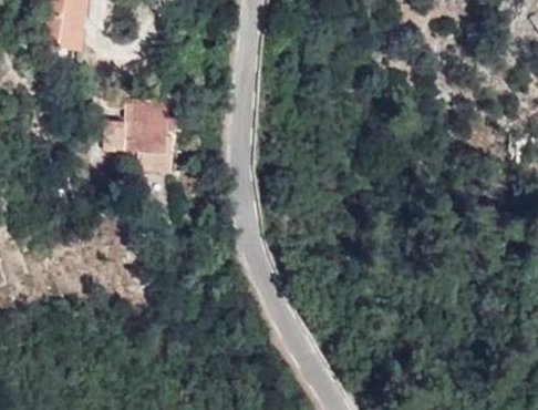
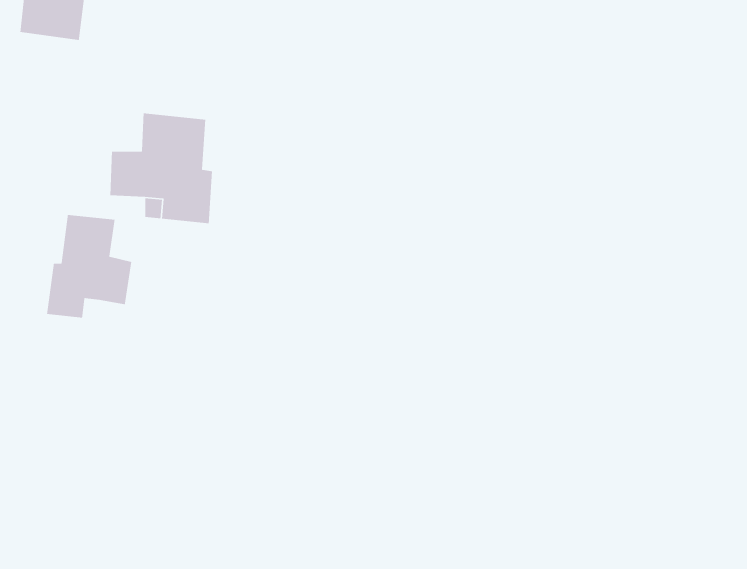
building: none -> [46,214,132,318]

